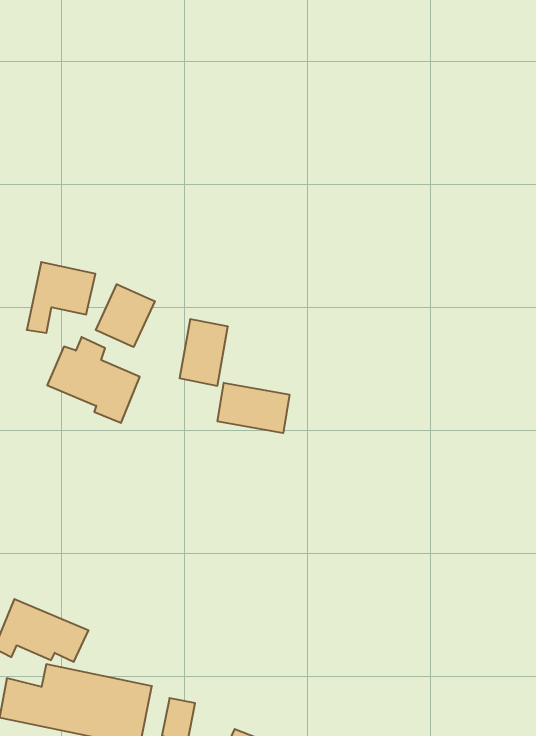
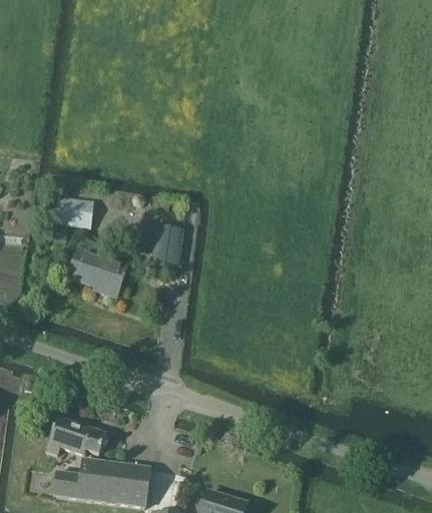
building: [96,284,155,347] -> none
building: [218,383,289,433] -> none

